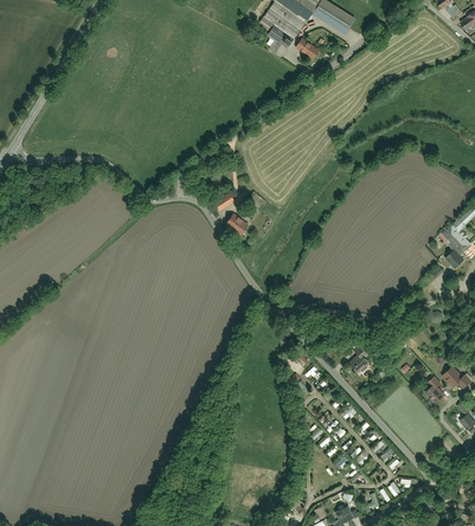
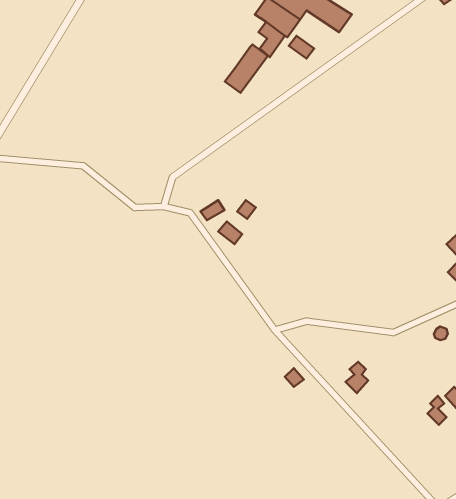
building: none -> [225,44,268,93]

